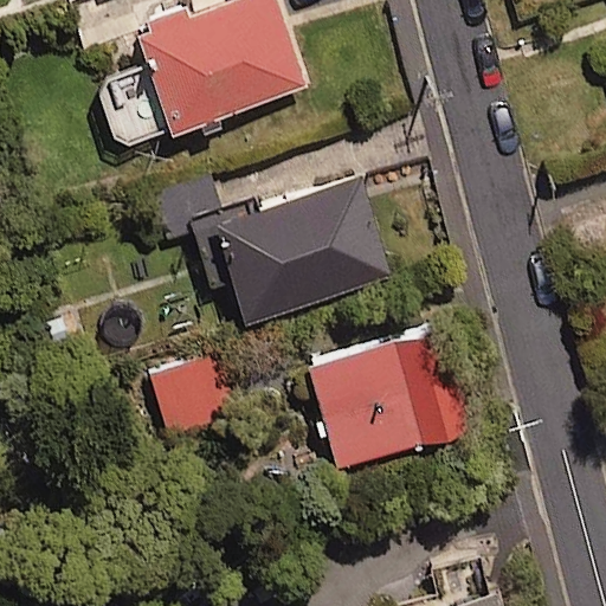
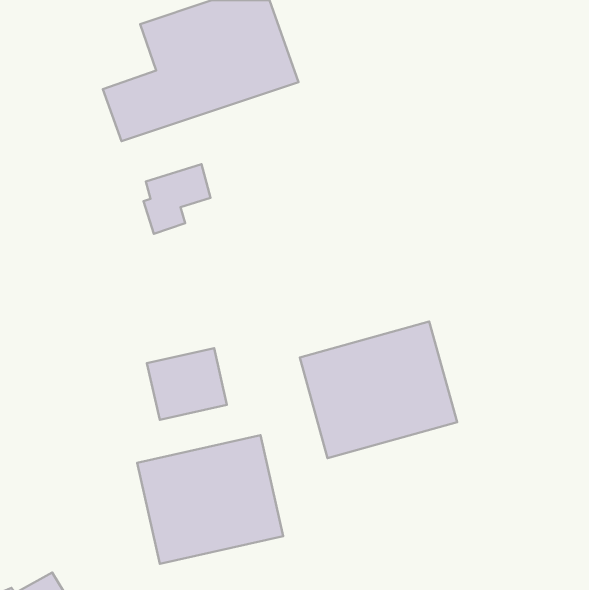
building: [198,181,389,324] -> none
building: none -> [137,435,283,564]

